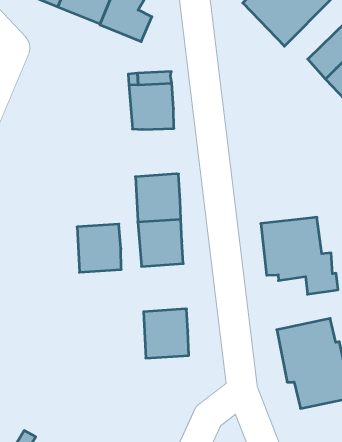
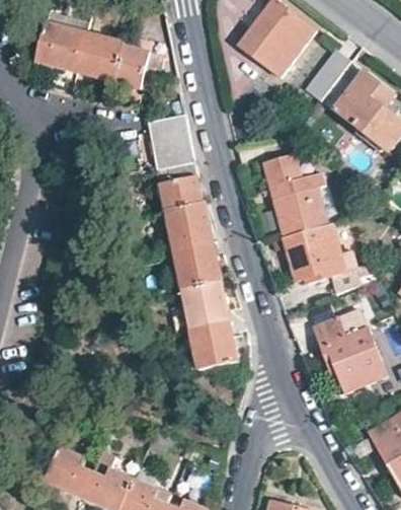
building: none -> [160,163,202,211]
building: none -> [262,154,327,235]
building: [77,224,121,272] -> [183,281,228,329]

